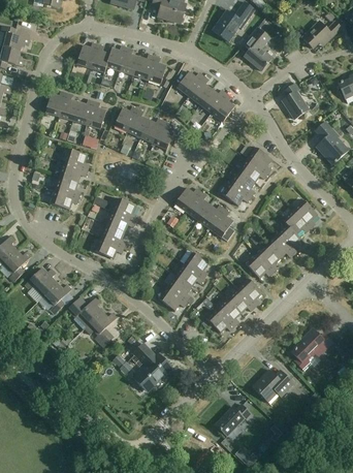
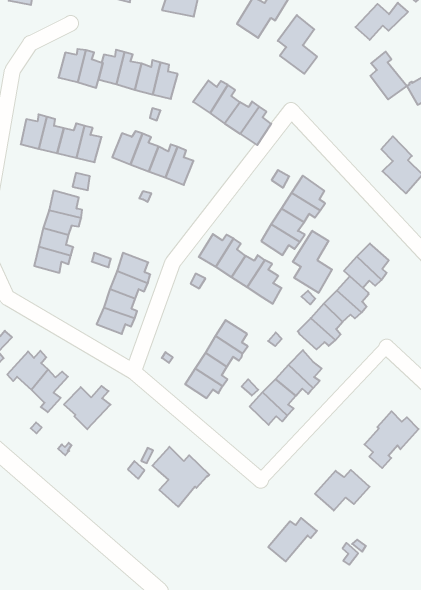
building: [282,83,309,119] -> [370,52,407,99]
building: none -> [293,231,332,293]
building: [84,311,117,347] -> none

